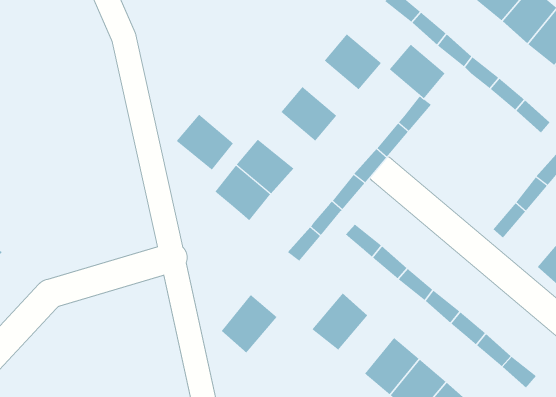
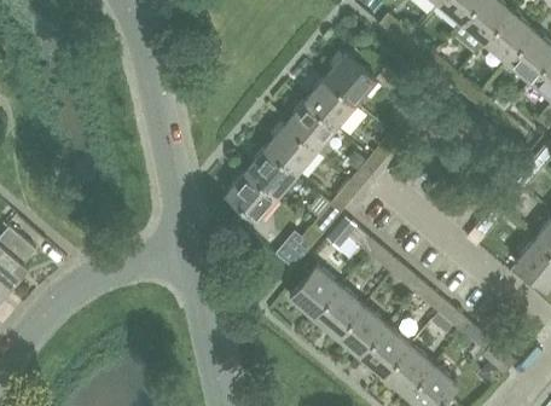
building: [389,44,446,99] -> [304,79,355,128]
building: [176,114,234,171] -> [265,124,317,175]
building: [221,294,277,354] -> [290,266,341,319]
building: none -> [337,307,387,359]

